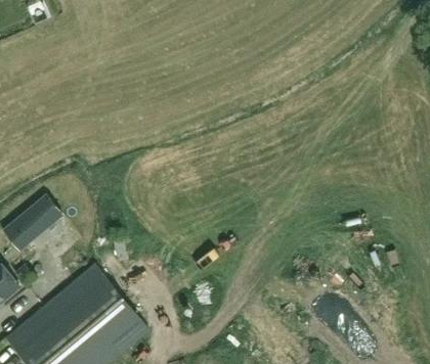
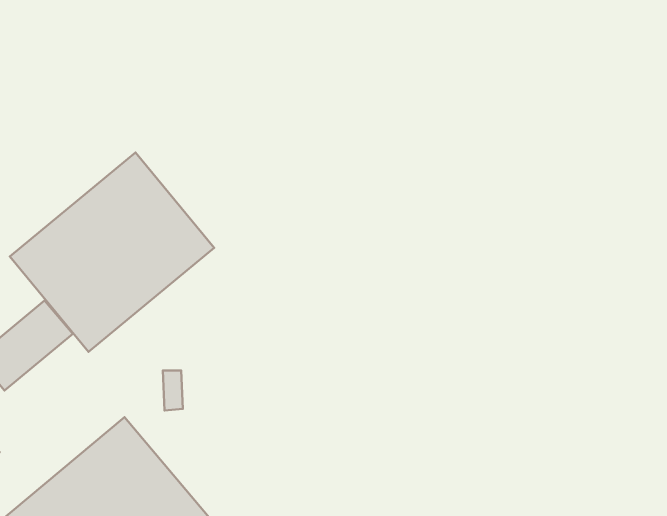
building: none -> [10,153,214,352]

